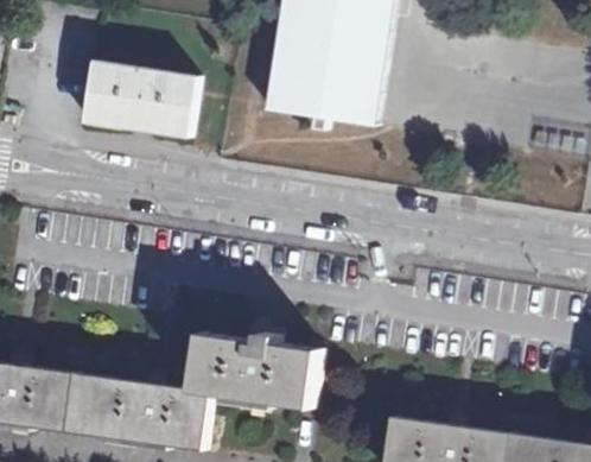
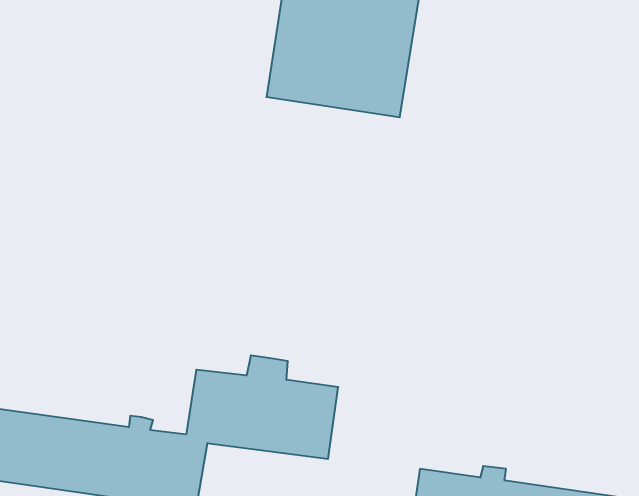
building: [84,68,198,144] -> none

